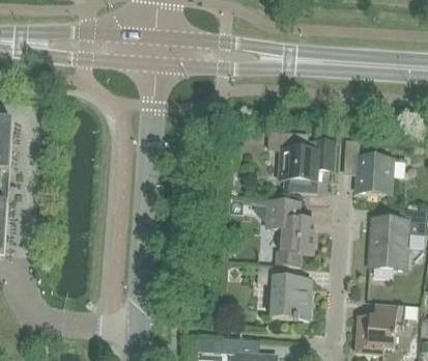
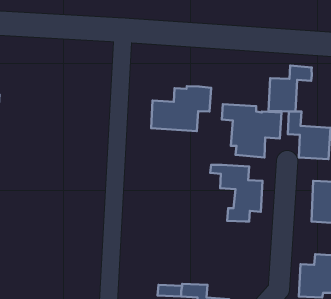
building: none -> [268,66,312,111]
building: none -> [151,86,211,131]
building: [256,263,310,320] -> none

